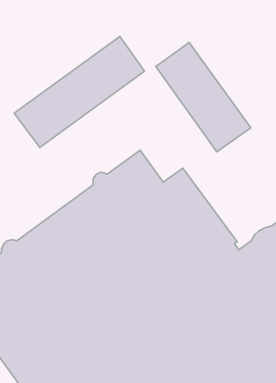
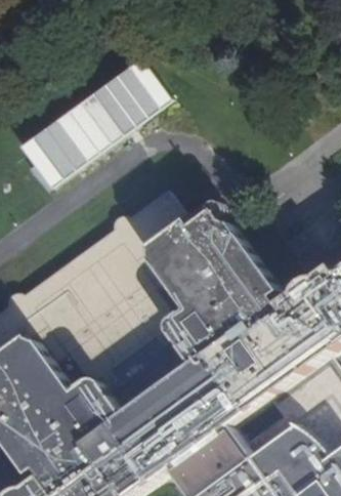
building: [156,42,251,152] -> none

